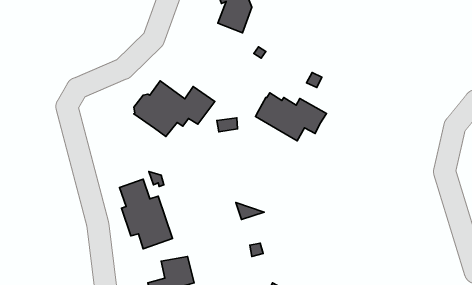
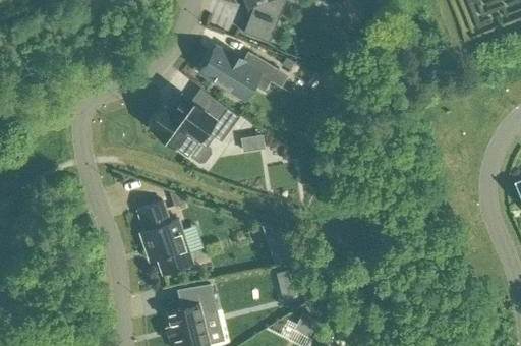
building: [256,93,326,141] -> [200,47,277,99]

